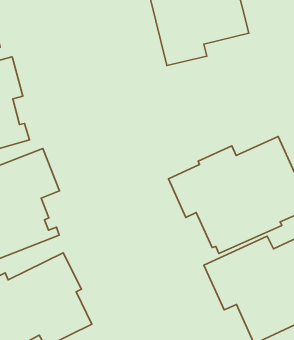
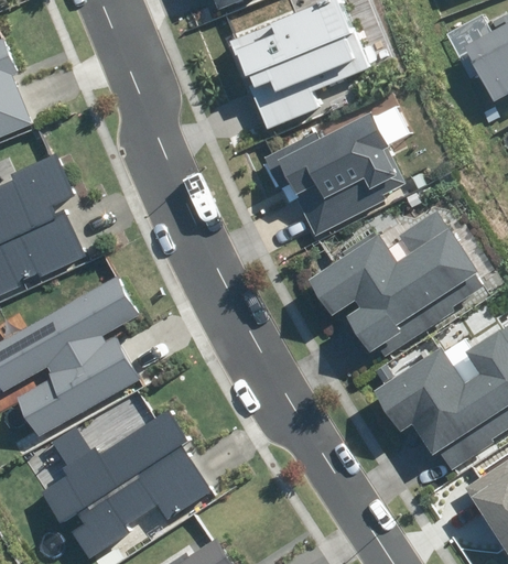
building: none -> [256,113,397,238]

